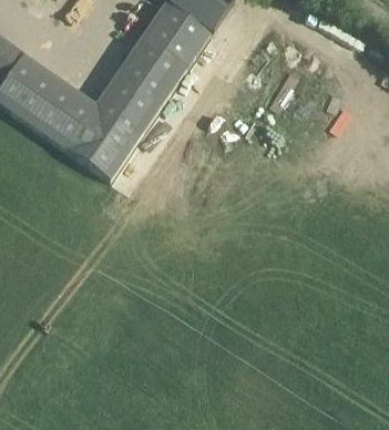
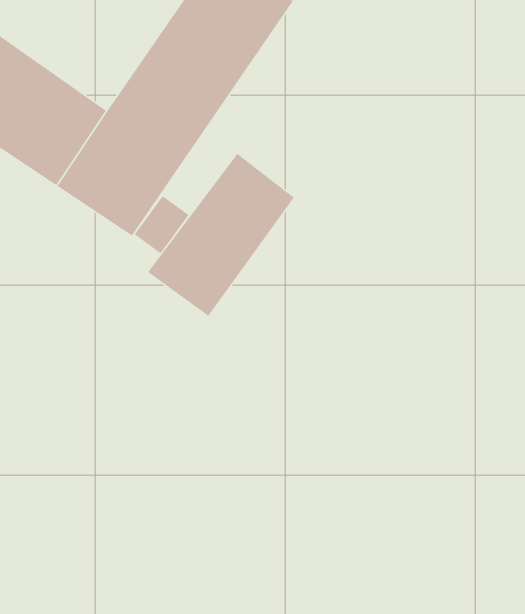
building: none -> [147,153,295,317]

